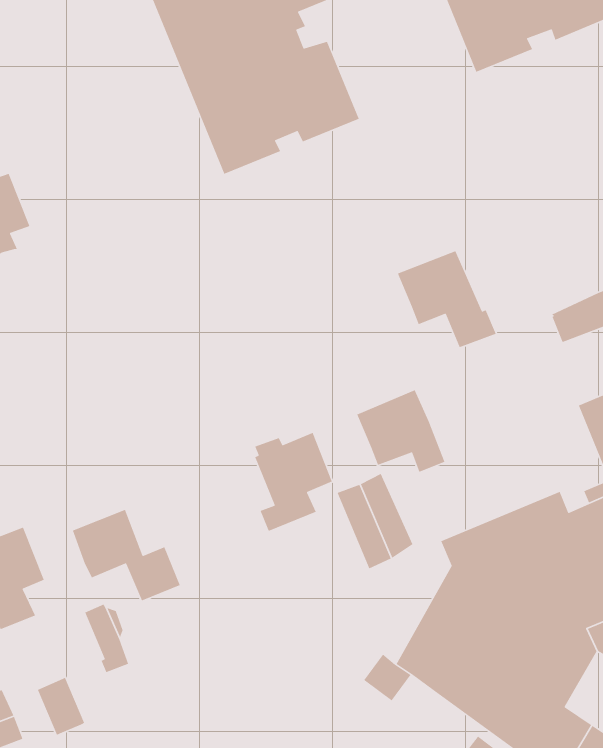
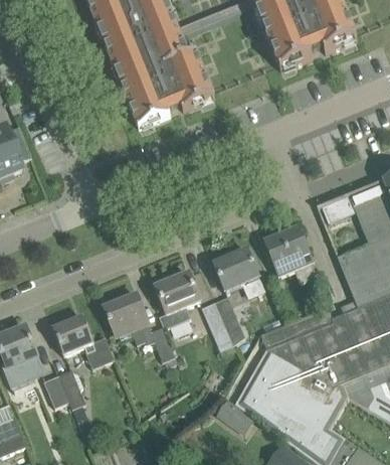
building: [397,250,497,348] -> [264,227,321,283]
building: none -> [105,294,175,360]
building: [37,677,85,736] -> [44,374,71,408]

